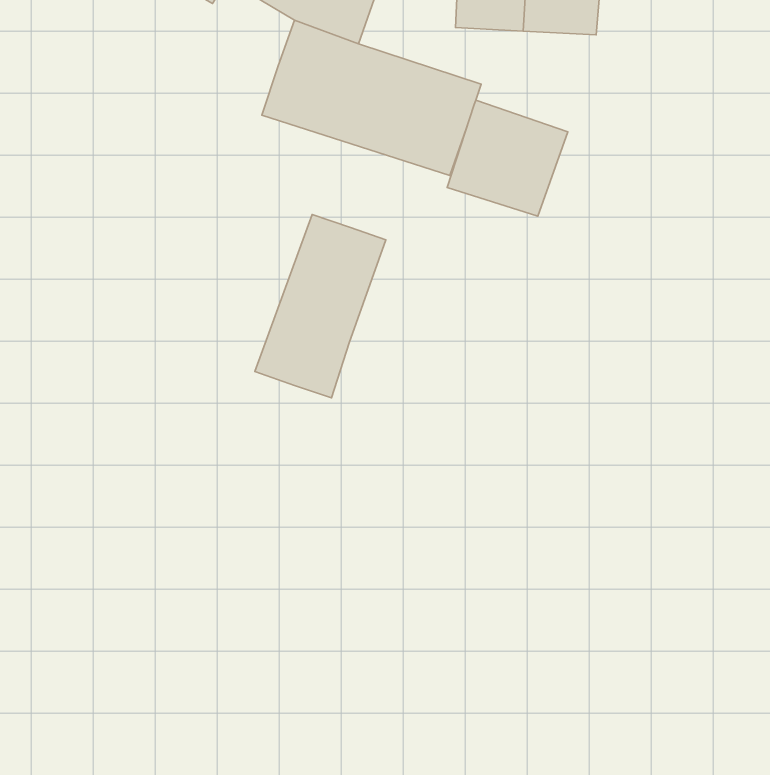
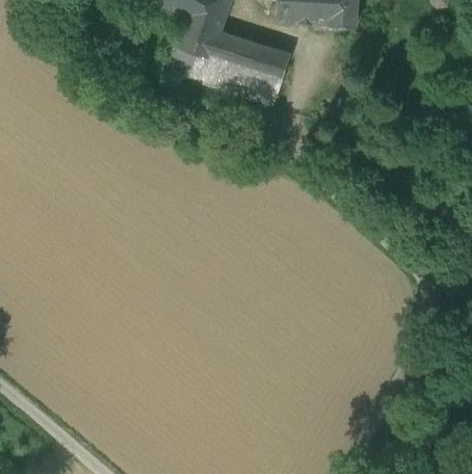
building: [447,100,568,216] -> none
building: [255,214,386,398] -> none

